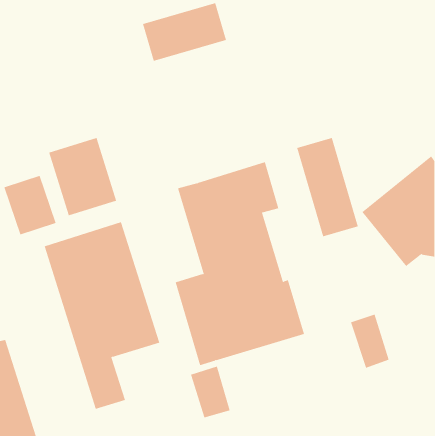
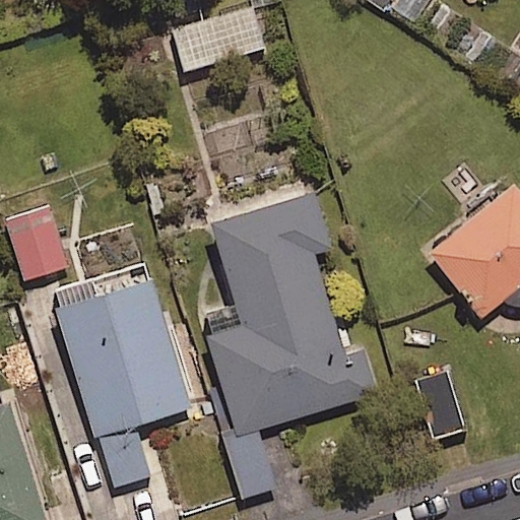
building: [48,137,117,216] -> none
building: [297,137,358,237] -> none

